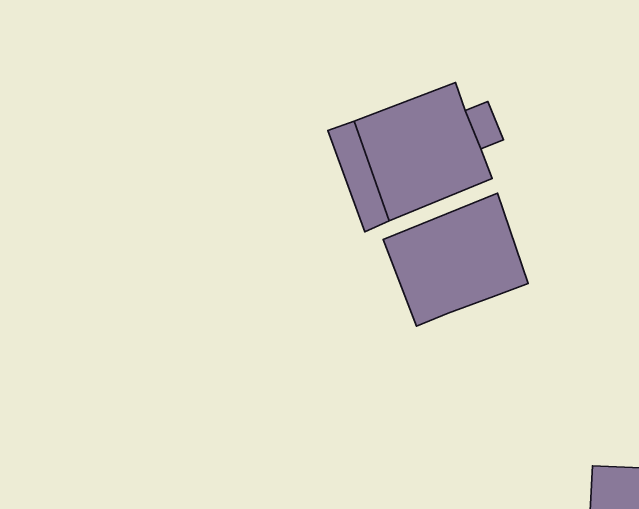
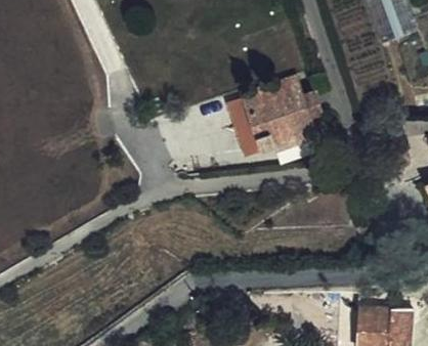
building: [383,193,528,326] -> none

